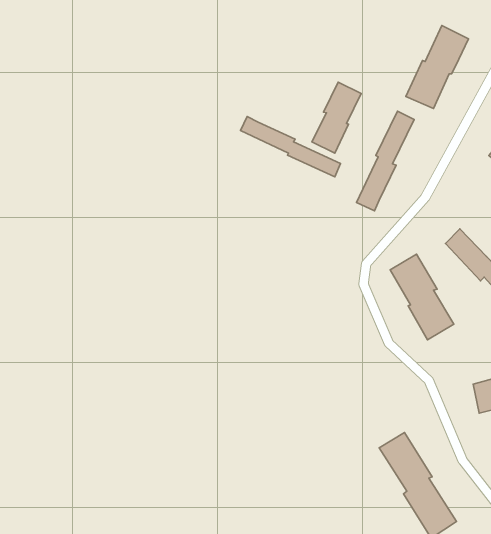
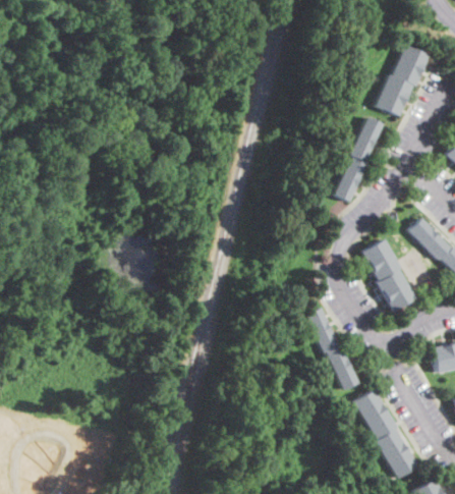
building: [312,82,361,153] -> none
building: [240,117,341,177] -> none
building: none -> [305,308,359,391]

